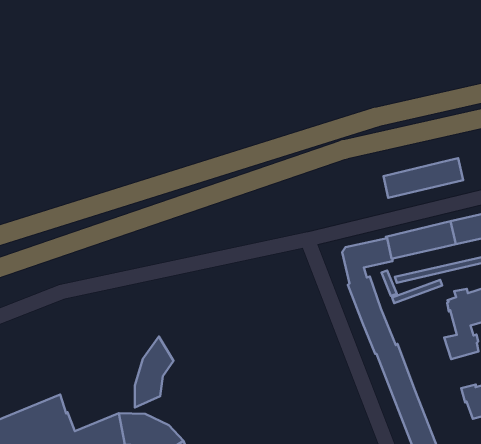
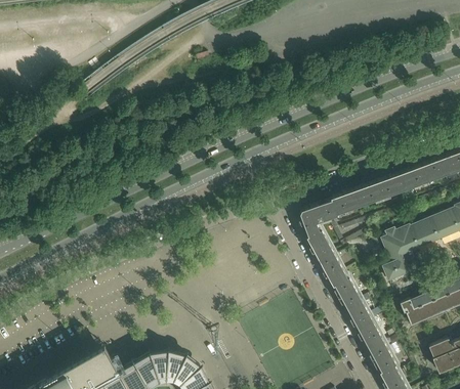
building: [383,158,463,198] -> none
building: [135,336,173,407] -> none

